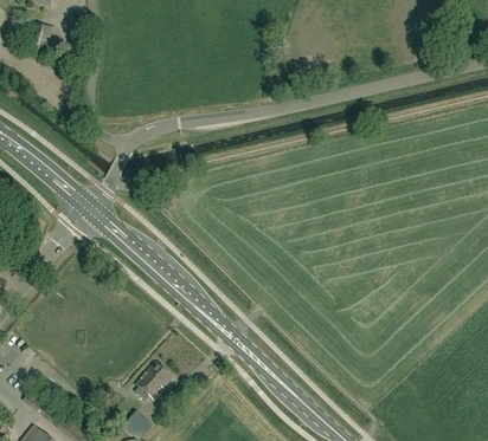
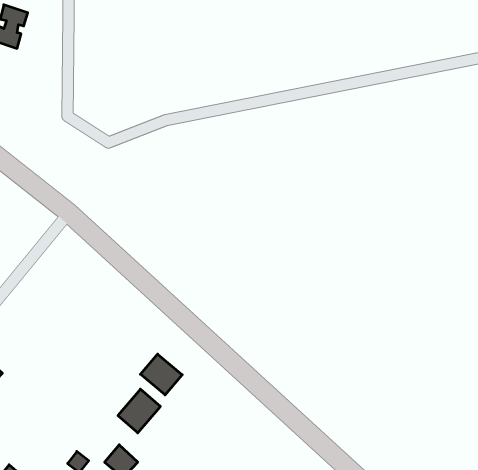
building: none -> [140,354,182,395]

